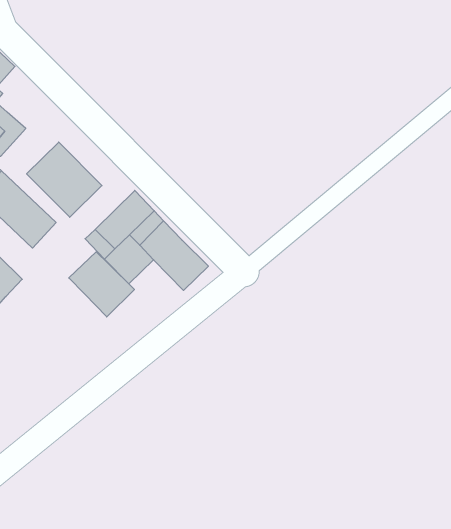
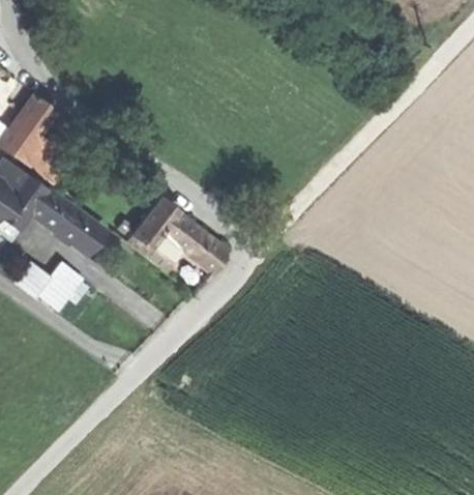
building: [27,142,102,217] -> none
building: [69,252,134,317] -> none

